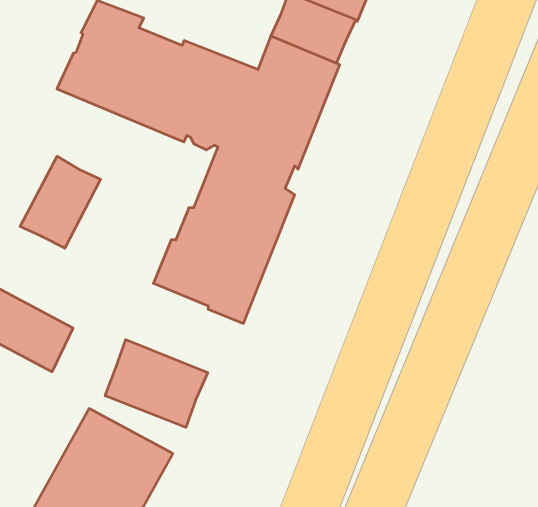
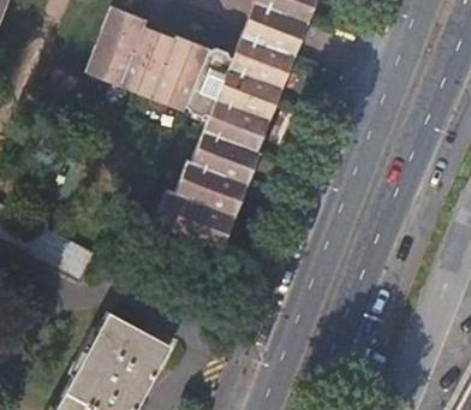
building: [20,156,101,248] -> none
building: [105,340,208,427] -> none

